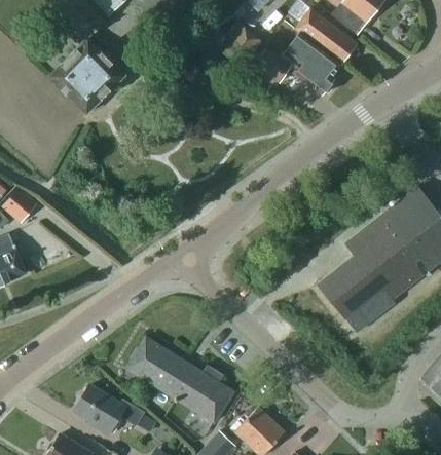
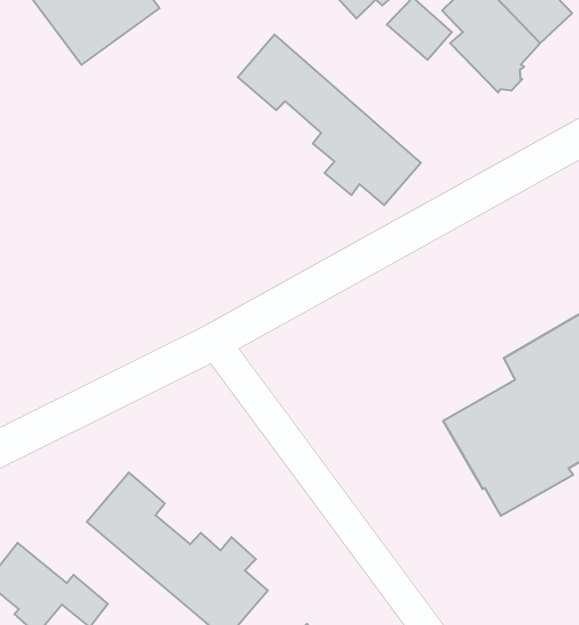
building: none -> [238,35,421,205]

